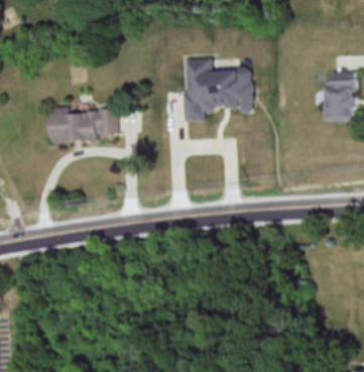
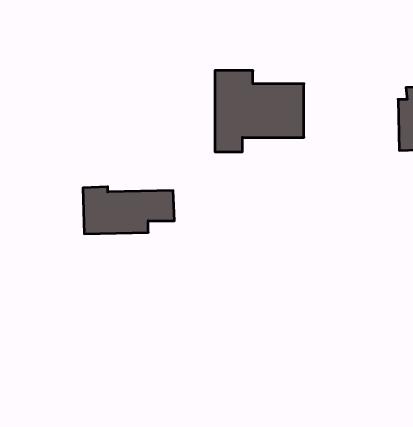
building: [47,106,118,142] -> [83,187,174,234]

